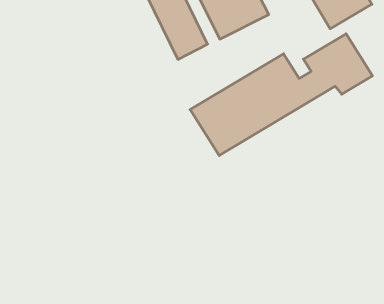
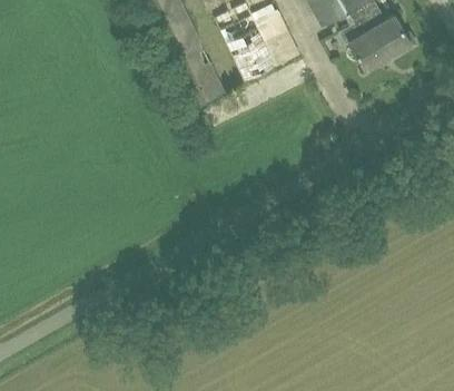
building: [190,34,372,156] -> none

